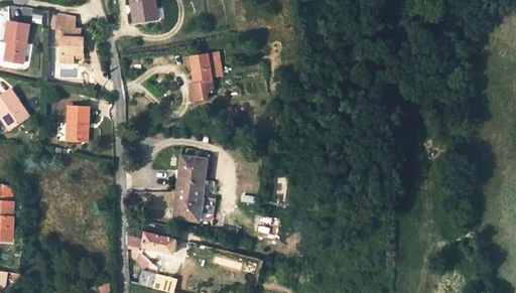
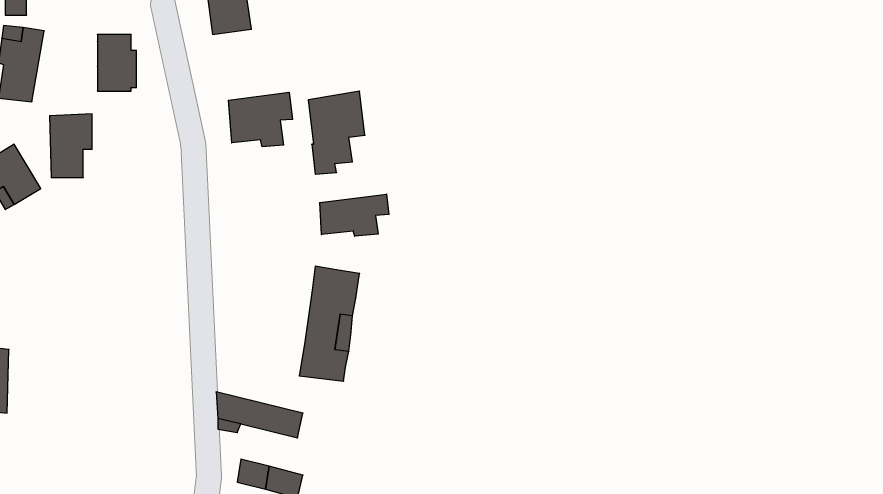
building: none -> [228,92,292,147]
building: [68,102,92,138] -> [50,114,92,178]
building: none -> [320,194,389,236]

